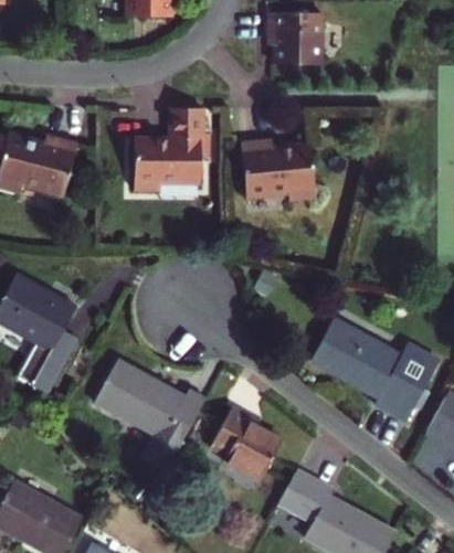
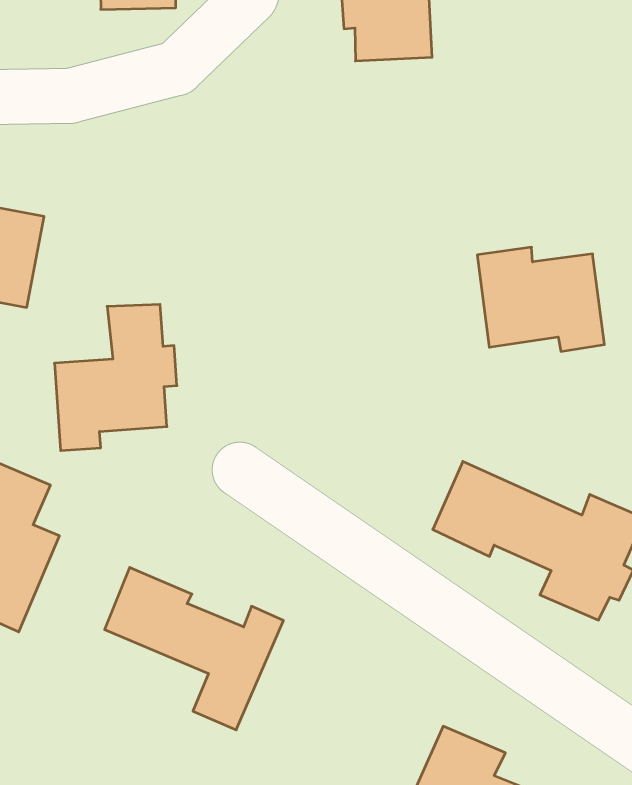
building: [138,108,211,193] -> [54,304,177,451]
building: [242,138,315,202] -> [477,247,604,351]
building: [212,405,283,477] -> none

